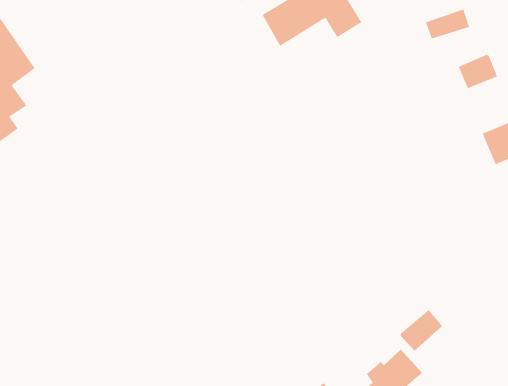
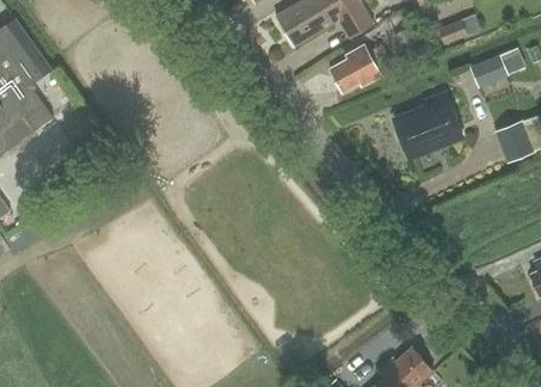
building: none -> [330,44,395,92]
building: none -> [393,90,465,158]
building: [399,309,443,351] -> none

